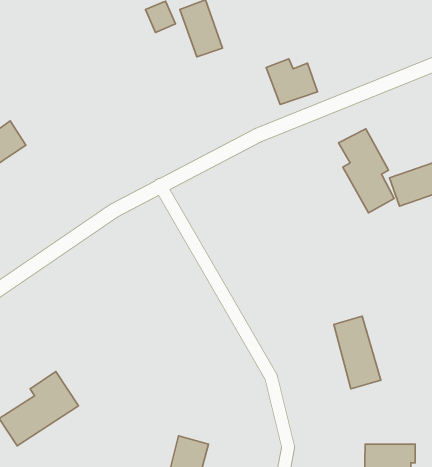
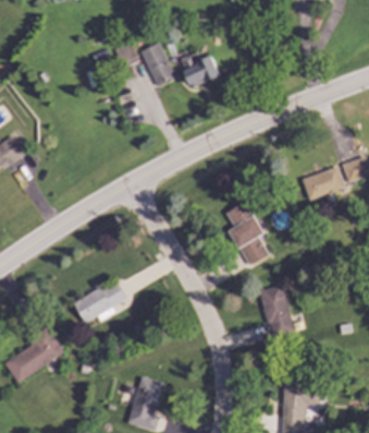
building: [266,59,317,105] -> [181,52,220,87]
building: [339,129,394,213] -> [225,202,268,266]
building: none -> [74,282,125,323]

